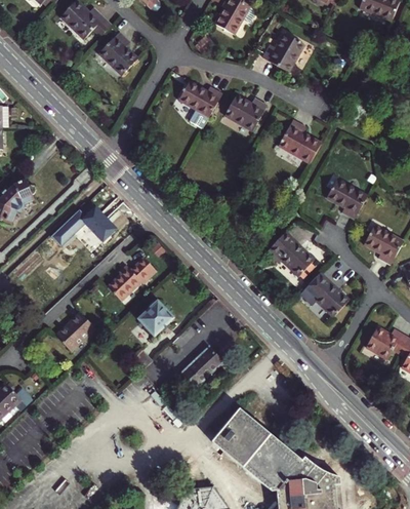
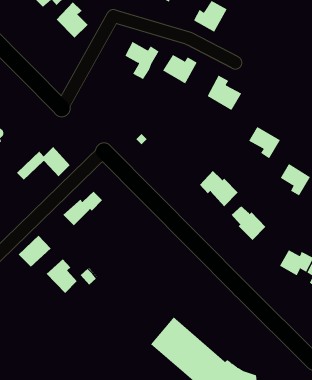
building: [136,301,171,335] -> none
building: none -> [46,258,78,294]
building: [178,346,221,388] -> none

